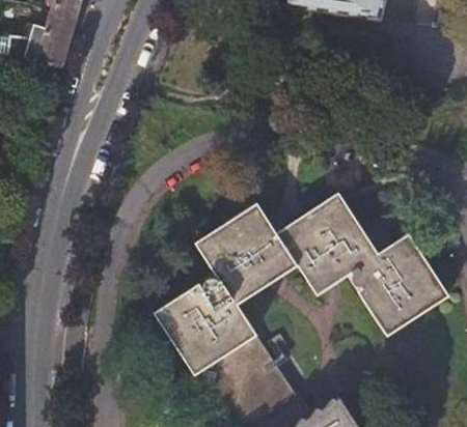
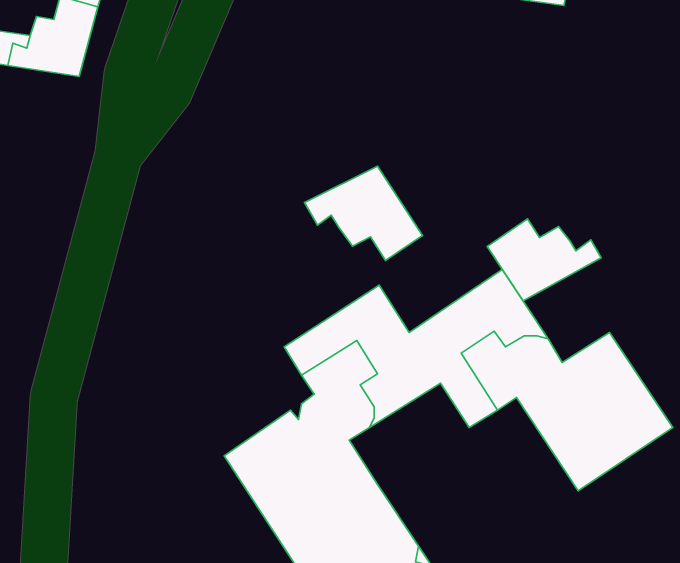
building: none -> [305,166,423,260]
building: none -> [487,219,601,301]

